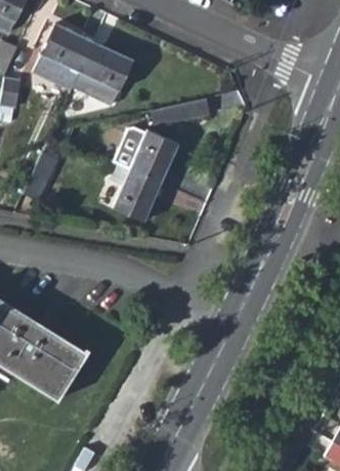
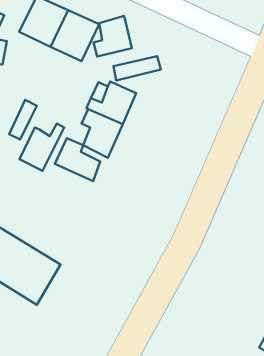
building: none -> [94,16,132,56]
building: none -> [19,123,64,171]
building: none -> [55,138,100,181]

